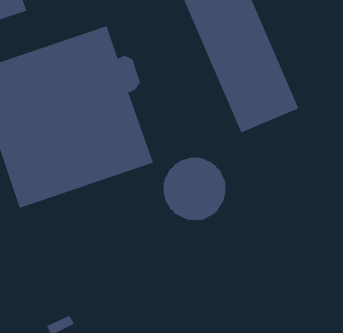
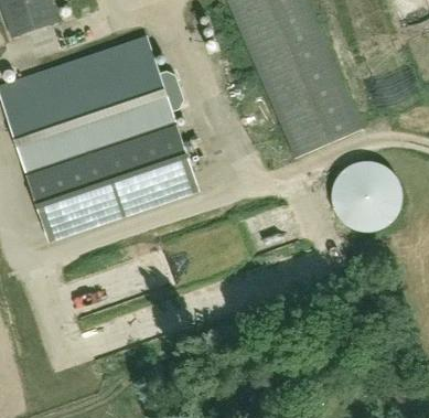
building: [163,157,226,220] -> [331,160,401,231]

